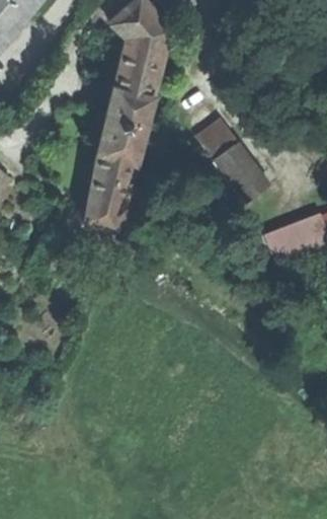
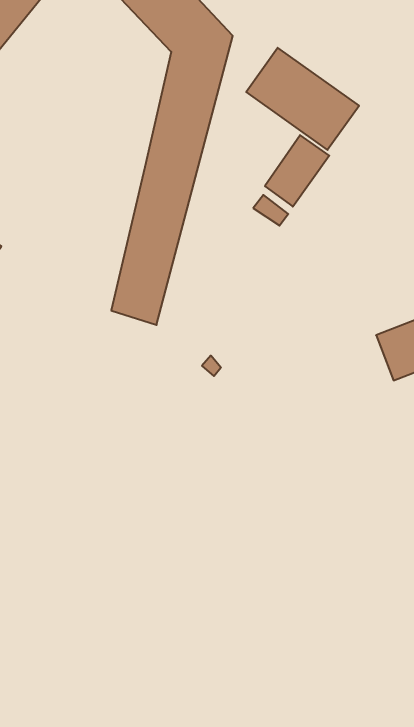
building: none -> [246,48,359,150]
building: [216,142,270,202] -> none

